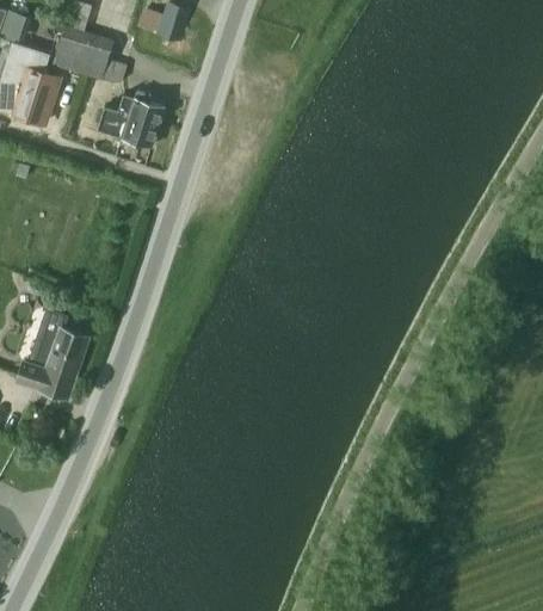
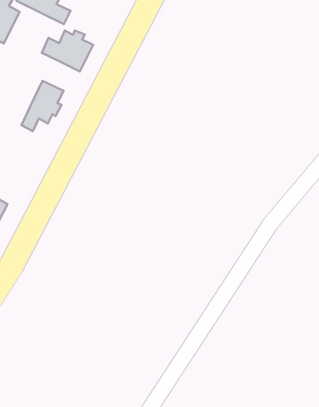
building: none -> [21,81,63,131]

